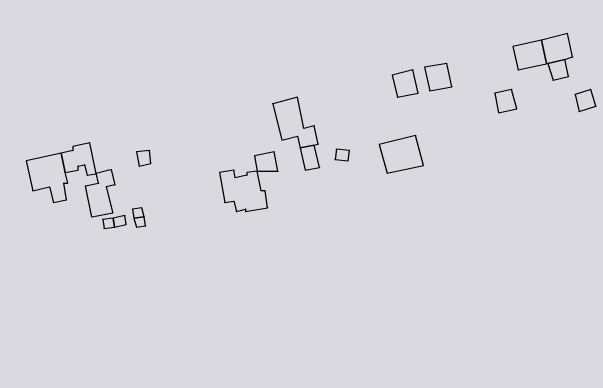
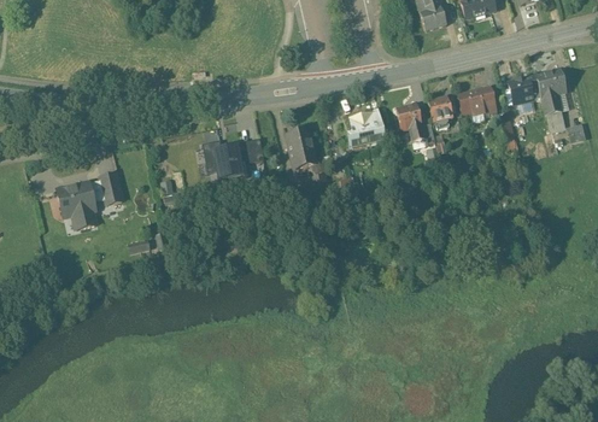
building: none -> [457,87,493,115]
building: [379,135,423,173] -> [344,112,385,147]
building: [85,170,115,217] -> none
building: [220,170,268,212] -> [204,142,248,181]

